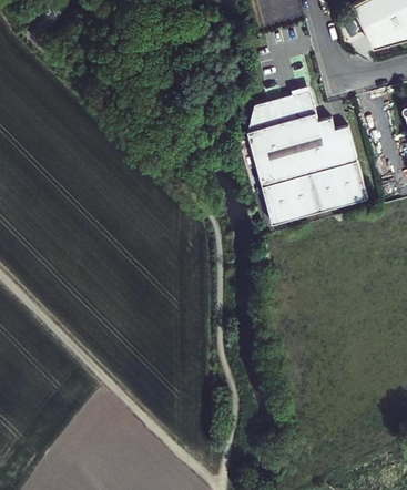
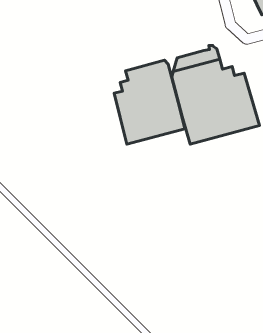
building: none -> [114,60,185,144]

